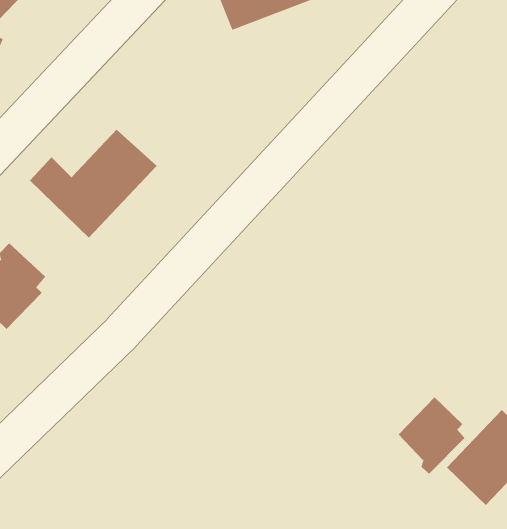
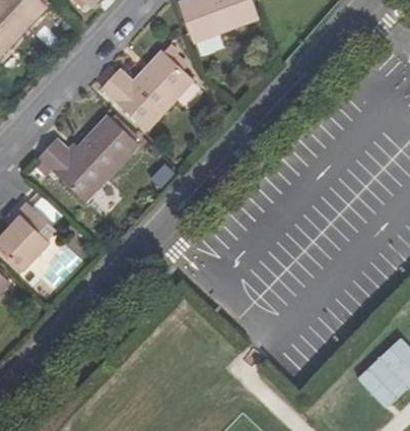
building: none -> [101,51,193,129]
building: [398,396,465,475] -> none

